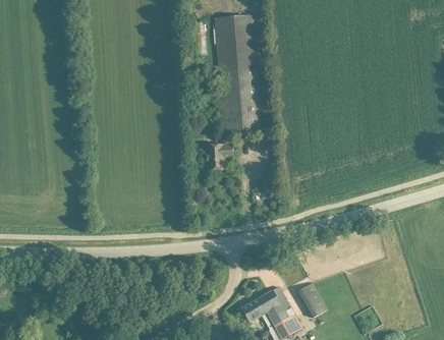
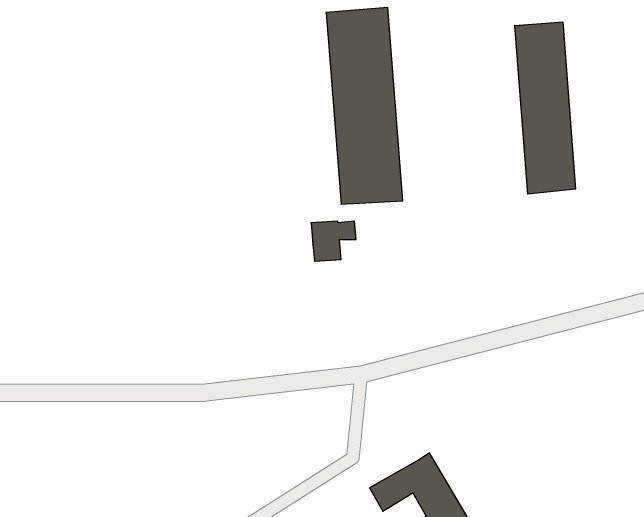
building: none -> [515,22,576,194]
building: [297,282,327,317] -> none

